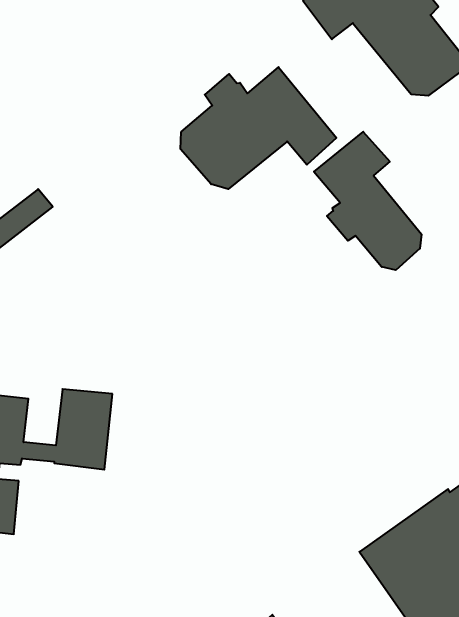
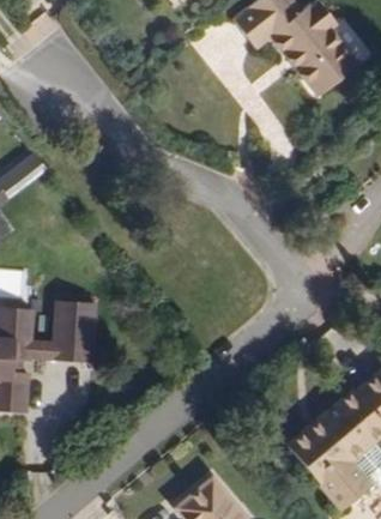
building: [181,67,336,189] -> none
building: [314,132,421,270] -> none

